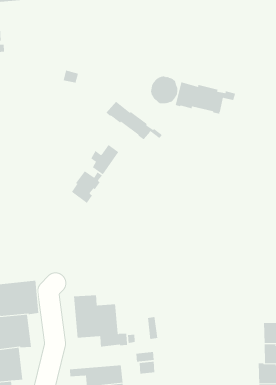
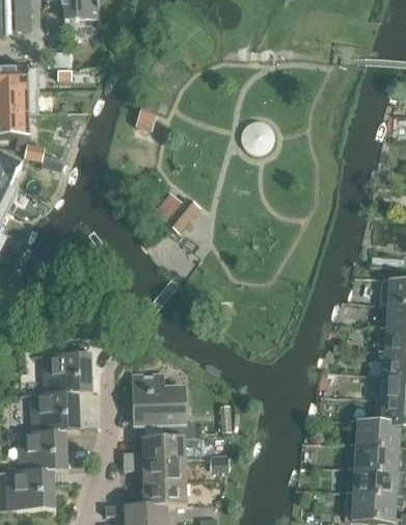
building: [175,82,236,114] -> none
building: [106,101,163,140] -> none
building: [71,170,103,204] -> none
building: none -> [123,436,185,461]

